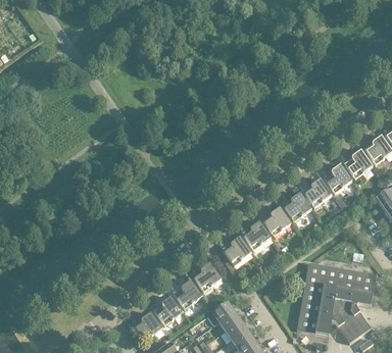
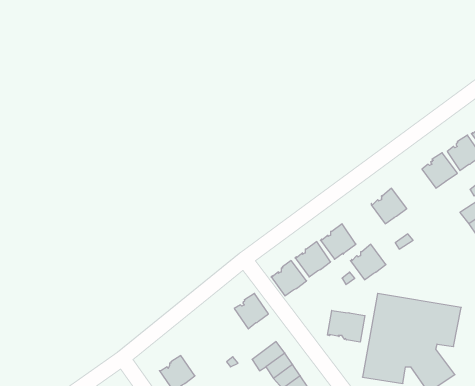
building: [324,163,352,192] -> none
building: [283,192,311,220] -> [350,244,386,280]
building: none -> [328,310,365,342]
building: [174,280,202,308] -> none
building: [153,296,182,324] -> none

